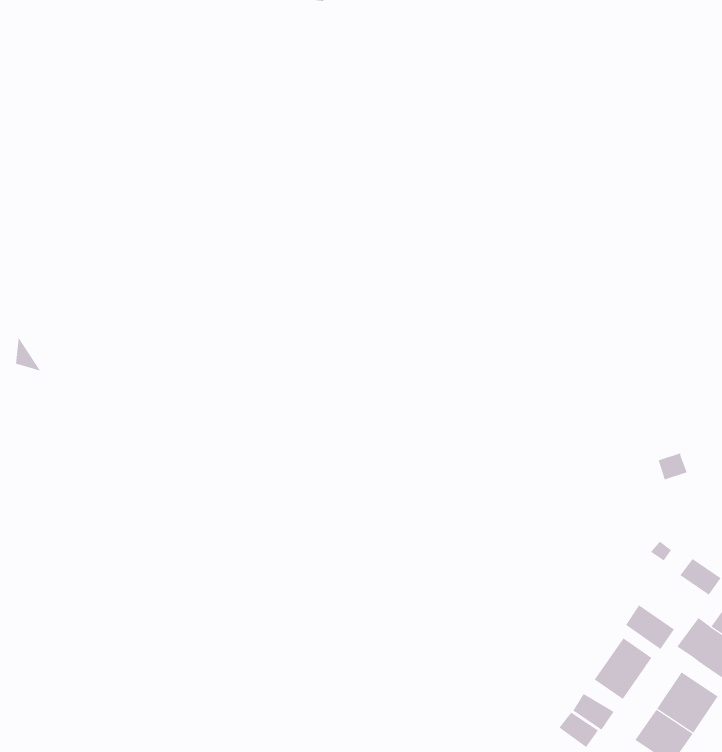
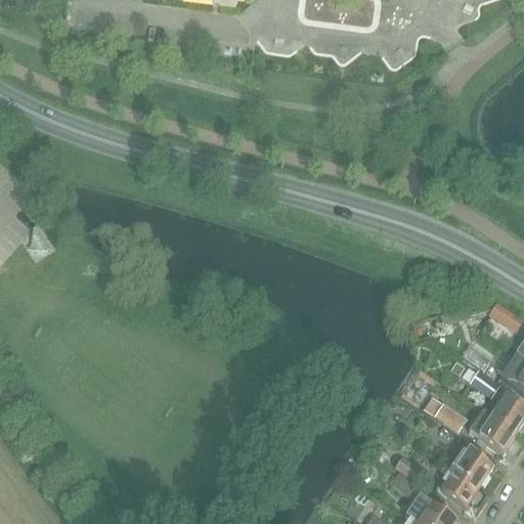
building: [594,637,652,700] -> none

